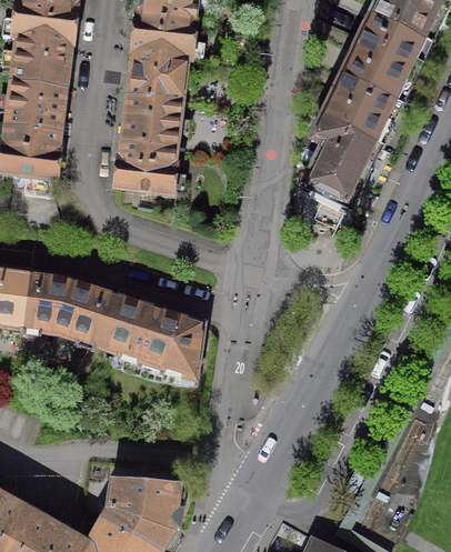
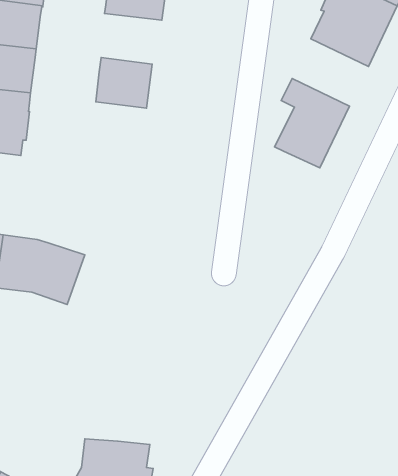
building: [129,50,190,101] -> none
building: [321,73,398,143] -> none
building: [116,139,174,192] -> none
building: [94,293,201,377] -> none

